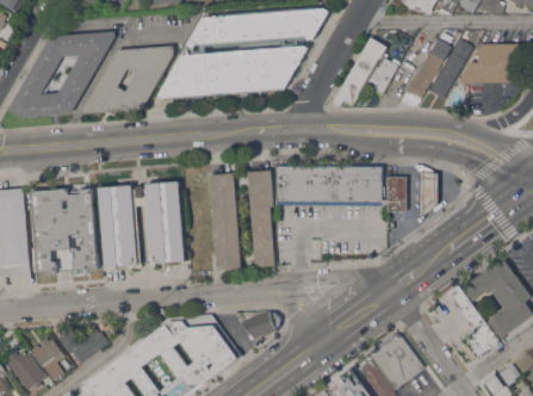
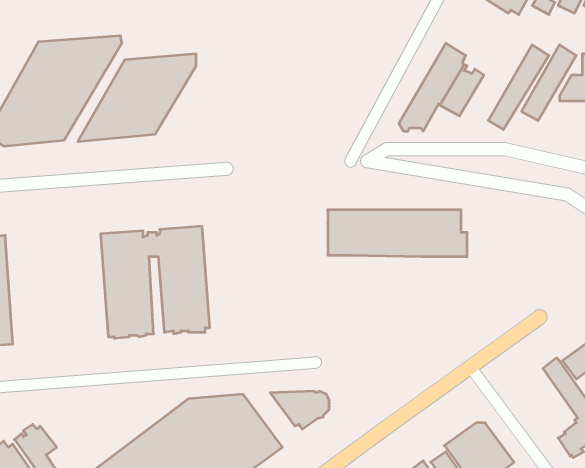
building: [159,8,329,98] -> none
building: [247,169,277,267] -> none
building: [419,171,438,218] -> none
building: [210,173,240,270] -> none
building: [386,177,405,211] -> none
building: [31,187,98,274] -> none
building: [57,327,107,364] -> none

